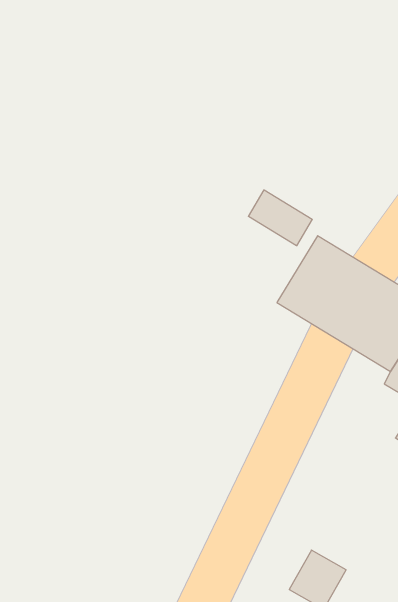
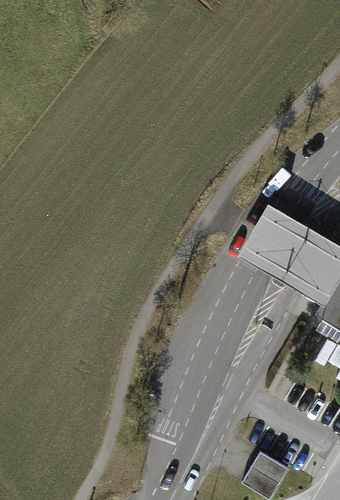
building: [248,190,312,246] -> none

